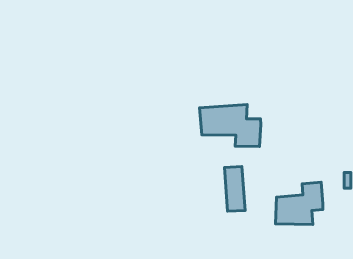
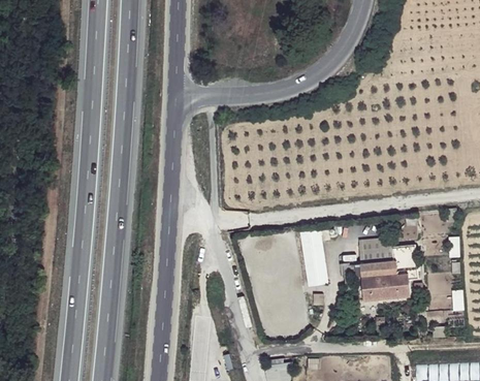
building: [199,104,261,147] -> none

